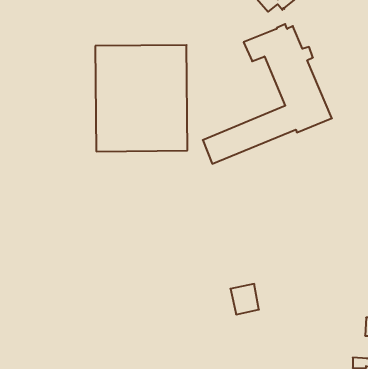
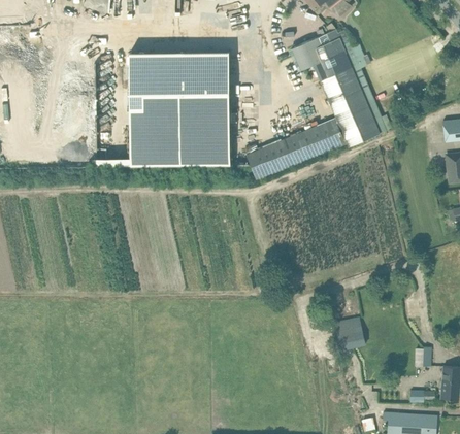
building: [230,284,259,314] -> [333,316,364,349]

